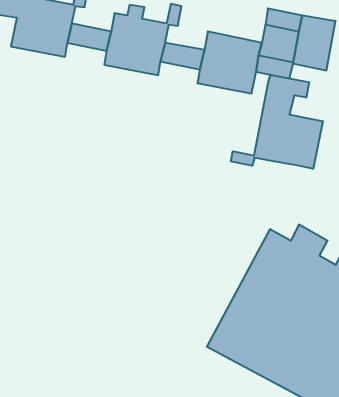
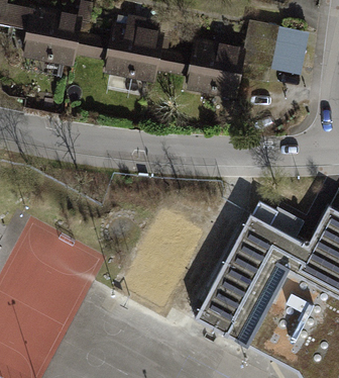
building: [231,75,323,169] -> none

